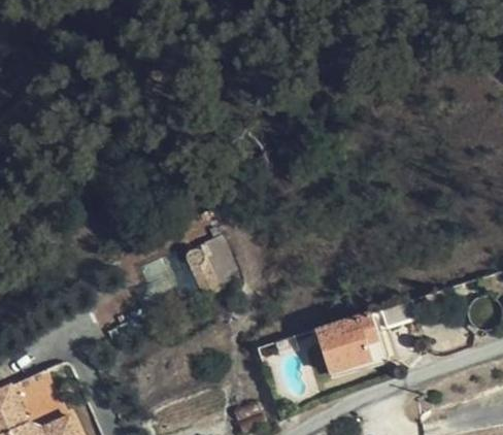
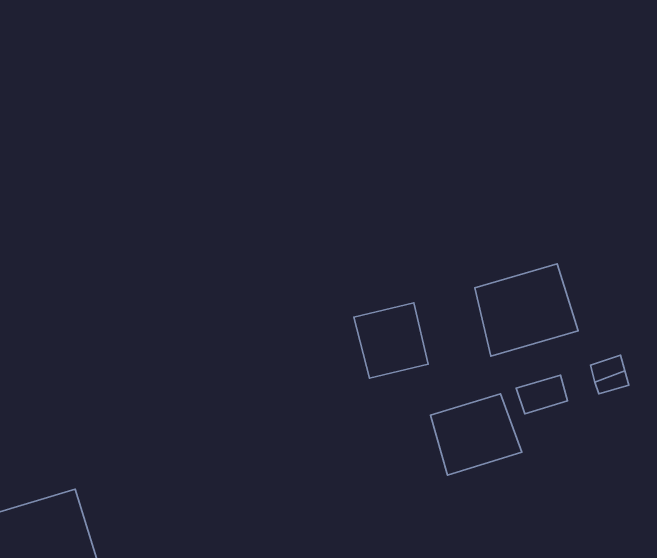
building: none -> [475,264,578,356]
building: [187,236,240,291] -> [354,303,428,378]

